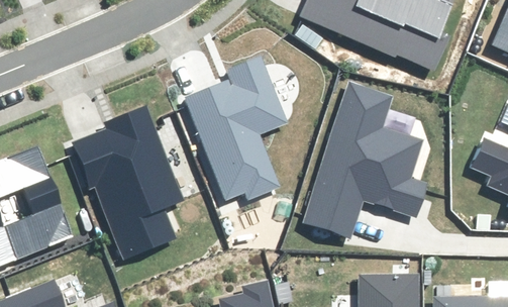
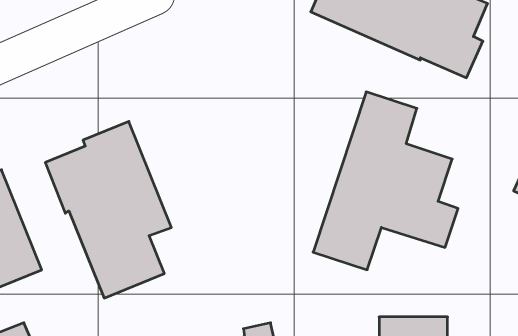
building: [186,58,286,199] -> none

